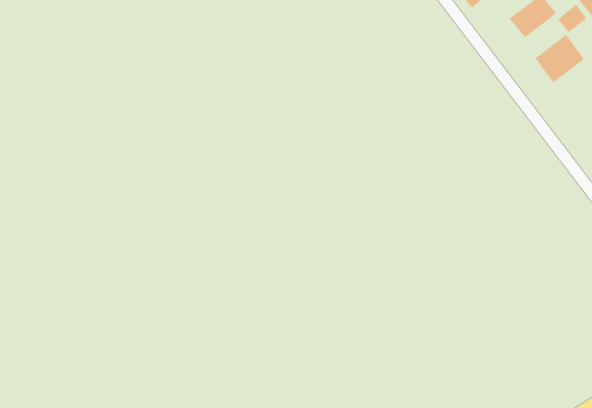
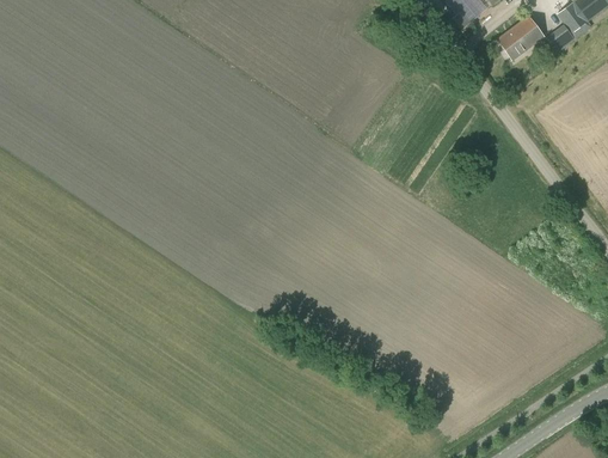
building: [535,34,585,83] -> none

